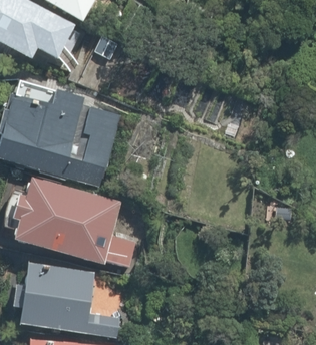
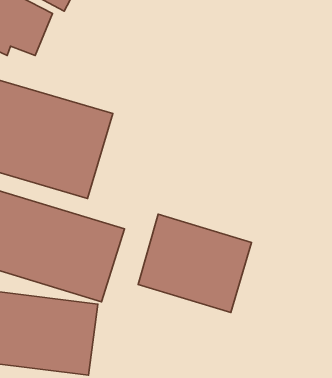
building: none -> [138,214,252,312]

